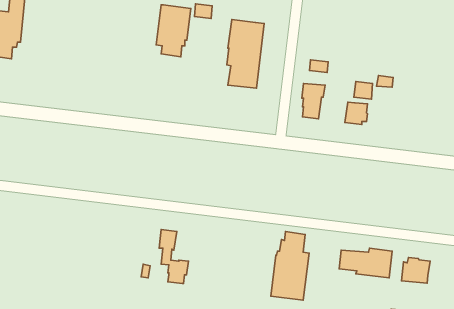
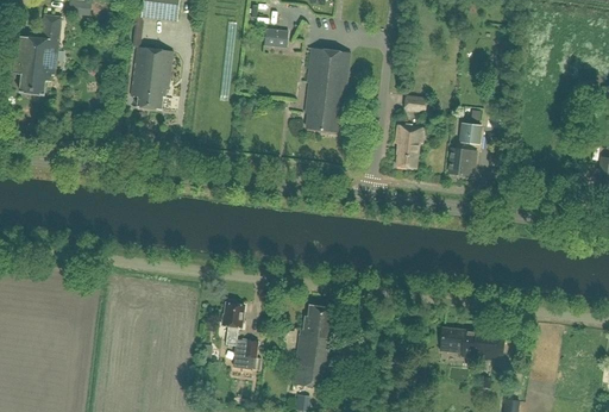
building: [156,5,191,57] -> [131,46,172,110]
building: [271,232,309,300] -> [291,305,338,388]
building: [401,257,430,283] -> none

